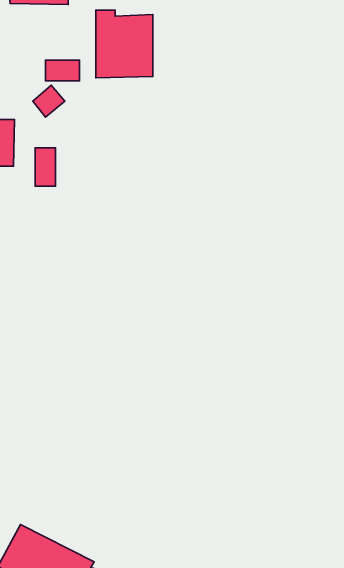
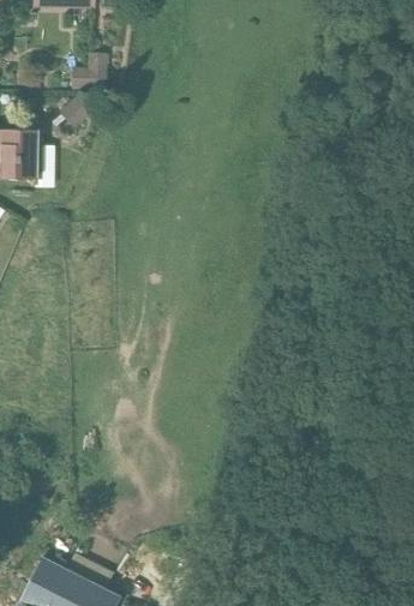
building: [96,10,153,78] -> none
building: [35,148,56,186] -> none

